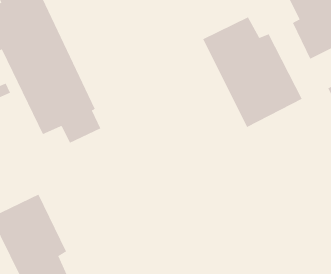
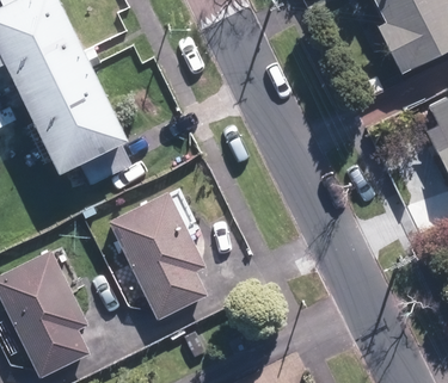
building: [203,16,302,128] -> none
building: none -> [108,191,207,321]

